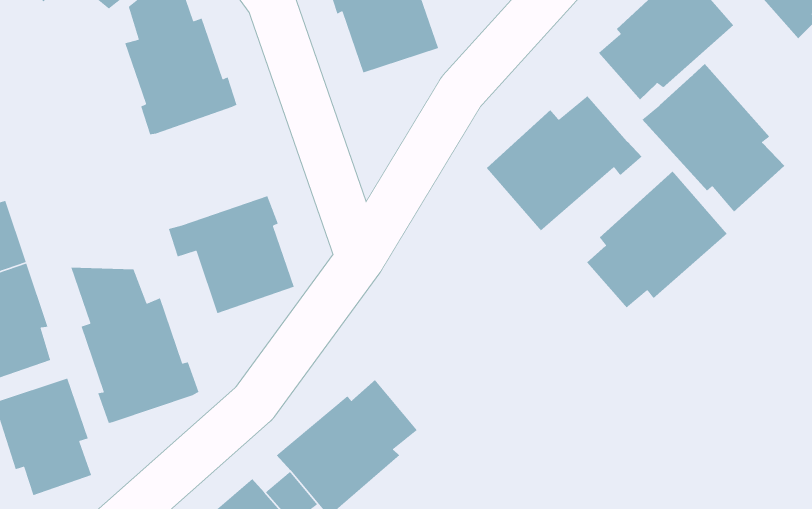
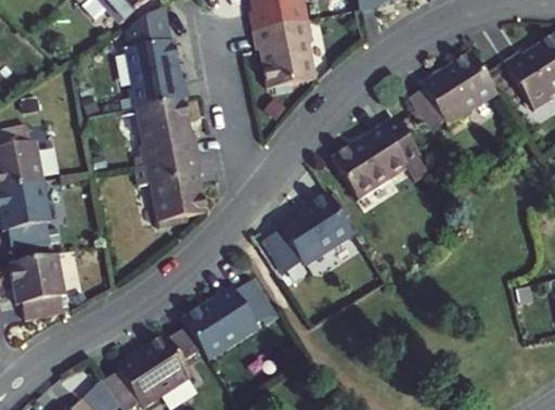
building: [642,63,785,212] -> none
building: none -> [137,101,199,168]
building: [586,170,728,308] -> [267,191,356,271]
building: [70,267,200,424] -> none

